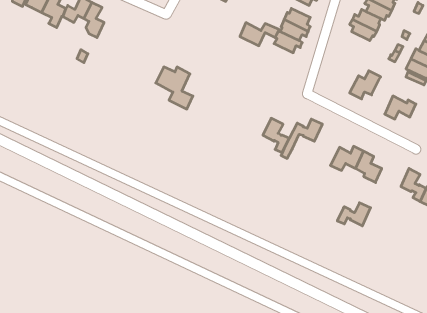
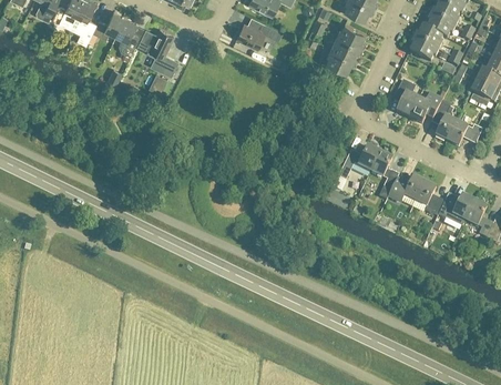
building: [240,23,279,46] -> [236,22,279,48]
building: none -> [395,79,418,116]
building: [156,67,193,109] -> [135,28,176,74]
building: none -> [432,102,456,140]
building: [263,118,289,152] -> [369,151,398,189]
building: [337,203,371,226] -> [437,194,473,220]

